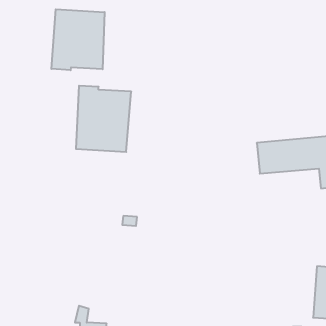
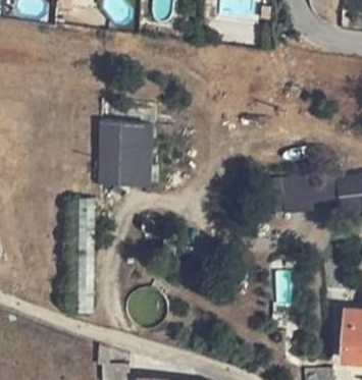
building: [51,9,105,70] -> none

